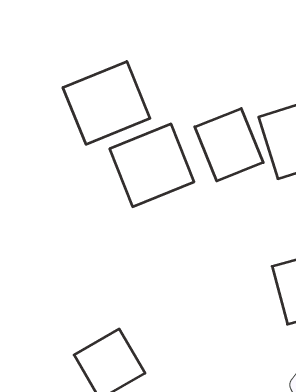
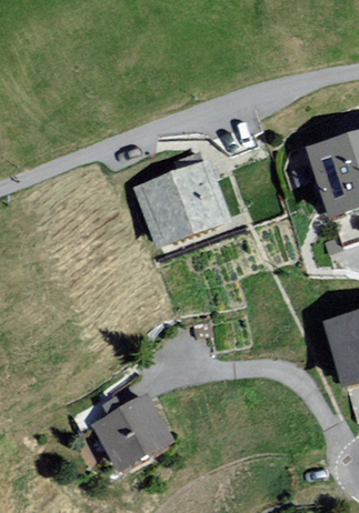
building: [63,61,150,144] -> none
building: [195,108,263,181] -> none

